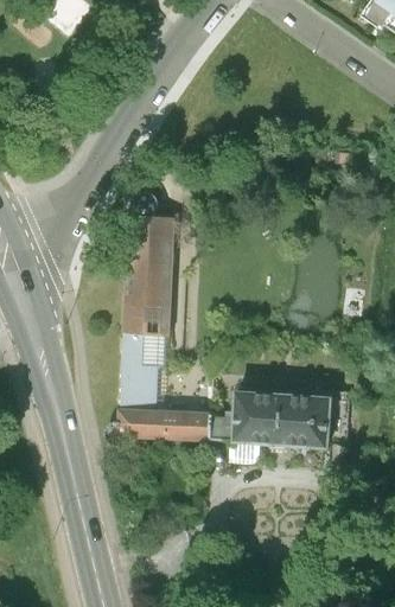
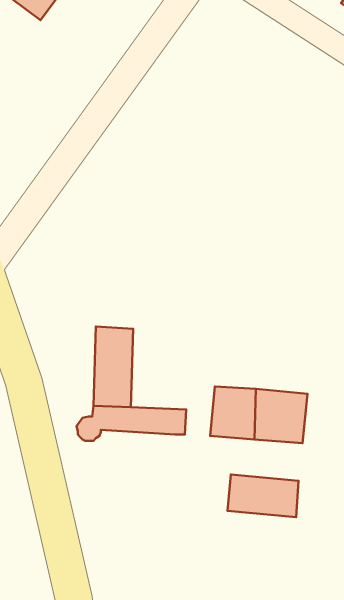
building: [125,193,174,336] -> none
building: none -> [228,474,298,517]

